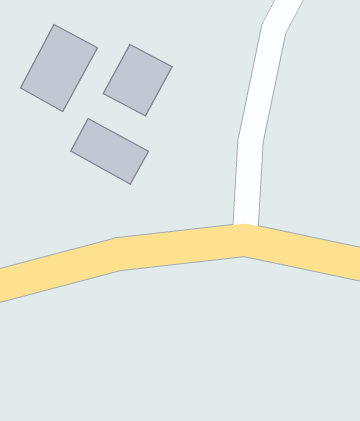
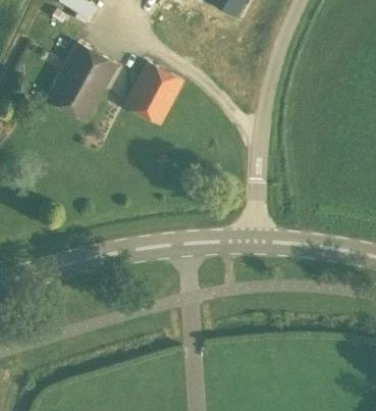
building: [71,119,148,184] -> none

